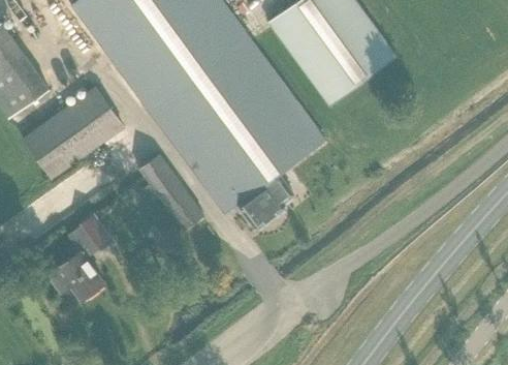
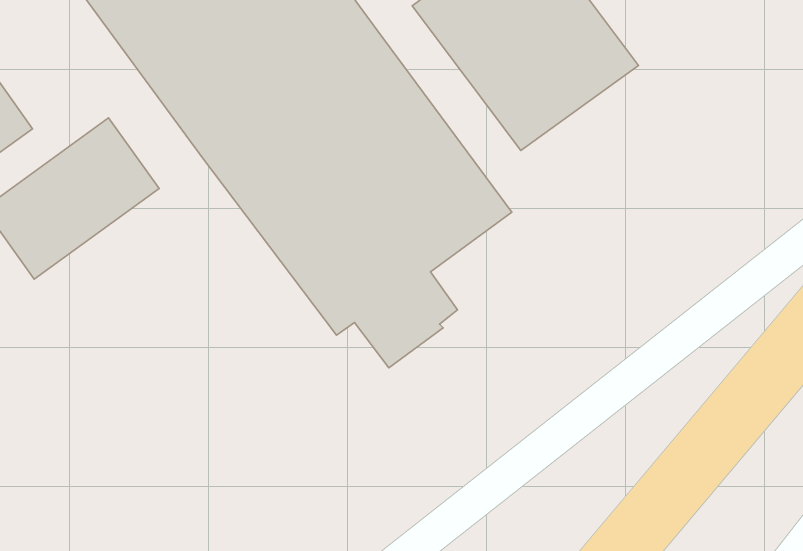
building: [138,154,202,229] -> none
building: [46,214,112,300] -> none

